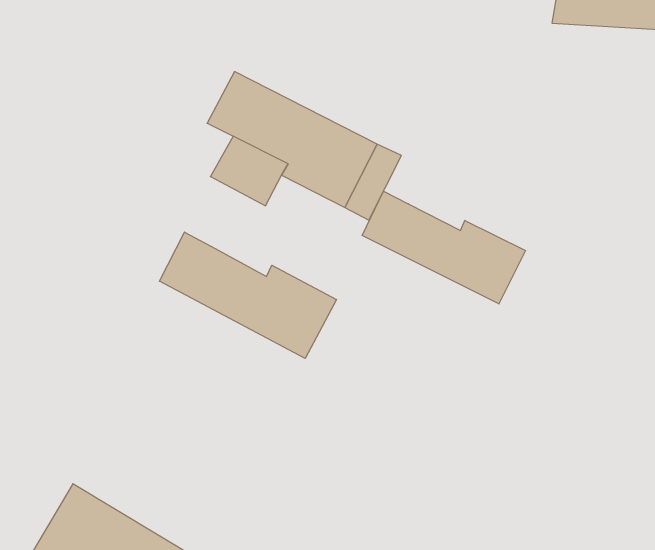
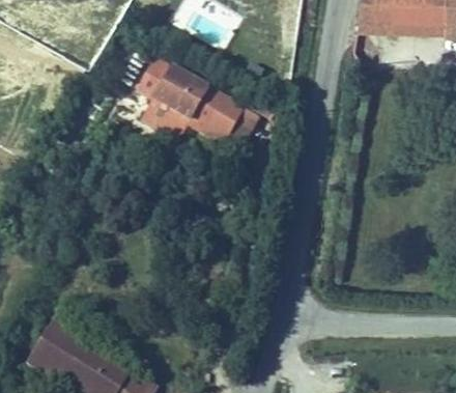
building: [362,191,526,304] -> none
building: [159,232,336,358] -> none

